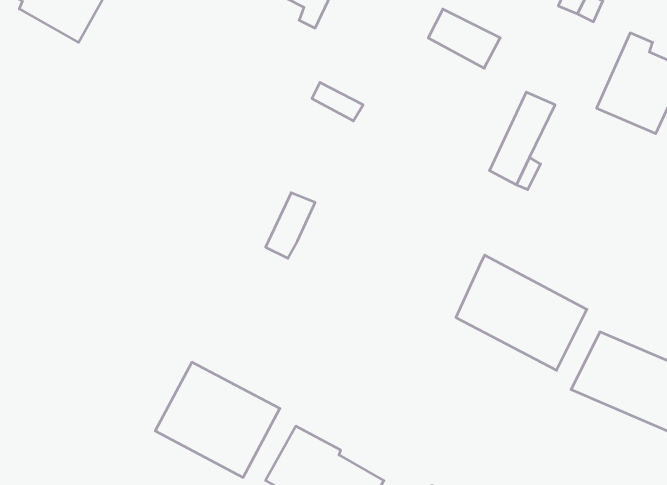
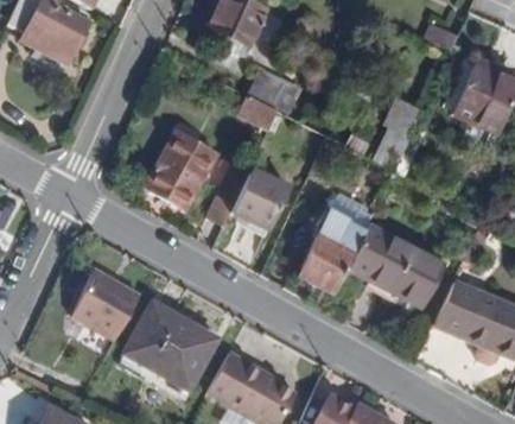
building: [428,9,500,68] -> [249,68,303,112]
building: none -> [144,127,217,209]
building: none -> [230,167,288,229]
building: none -> [297,210,365,296]
building: none -> [70,267,141,338]

